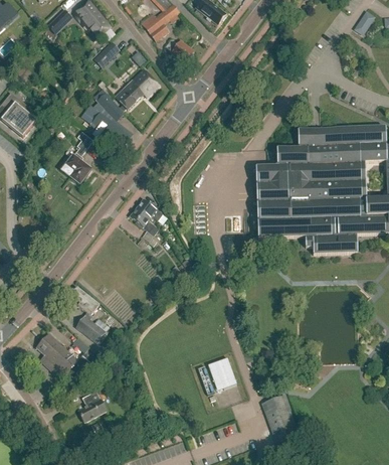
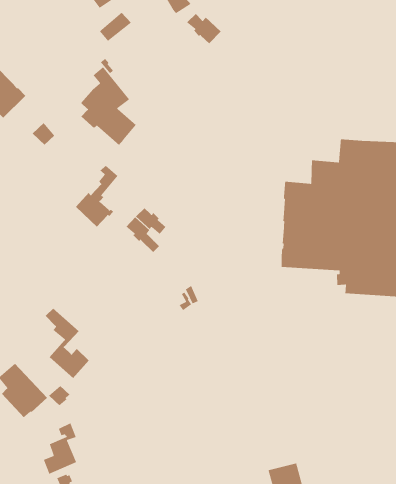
building: [115,68,158,109] -> none
building: [60,131,93,182] -> [75,165,119,227]
building: [208,357,237,391] -> none

